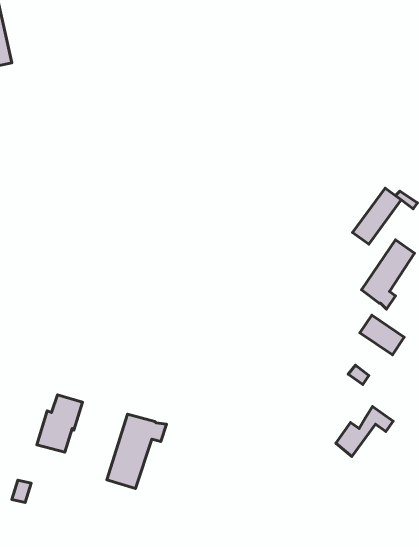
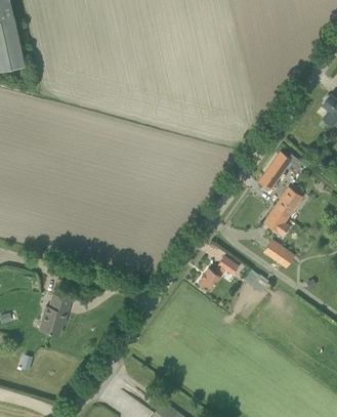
building: [336,406,393,457] -> [198,257,238,292]
building: [107,414,167,489] -> none

